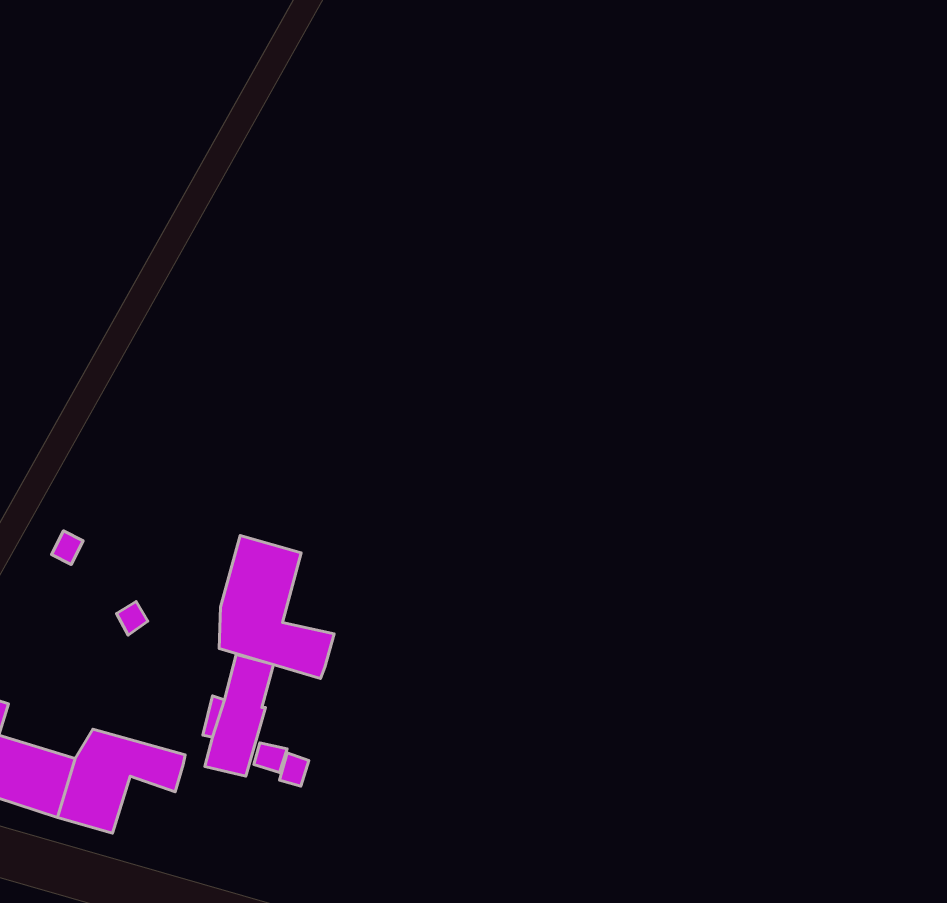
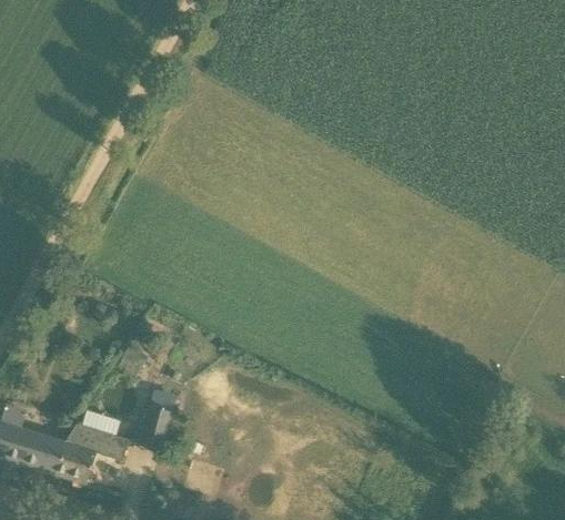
building: [219,536,334,678] -> none

